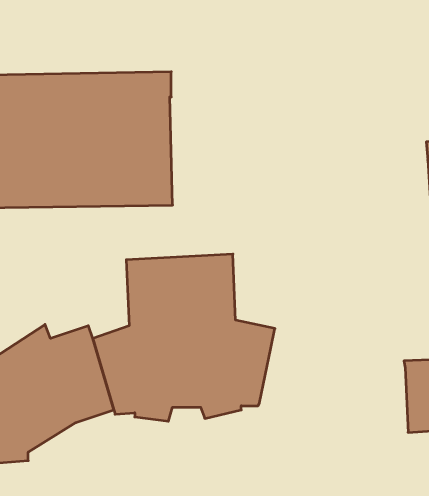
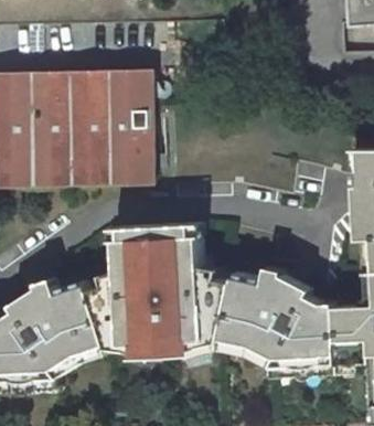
building: none -> [215,267,332,375]

